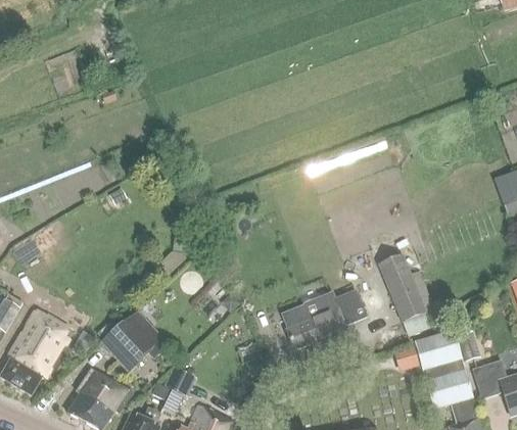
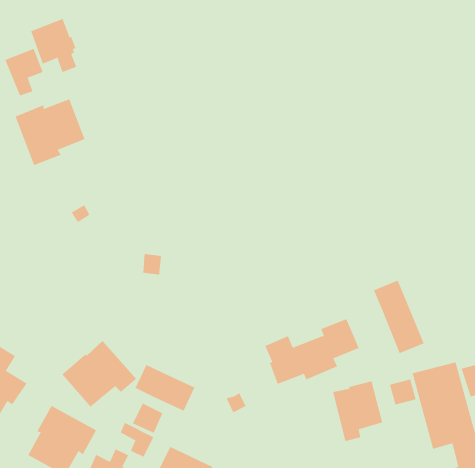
building: none -> [31,18,77,73]
building: none -> [15,99,85,166]
building: none -> [135,364,195,411]
building: none -> [333,380,383,442]

